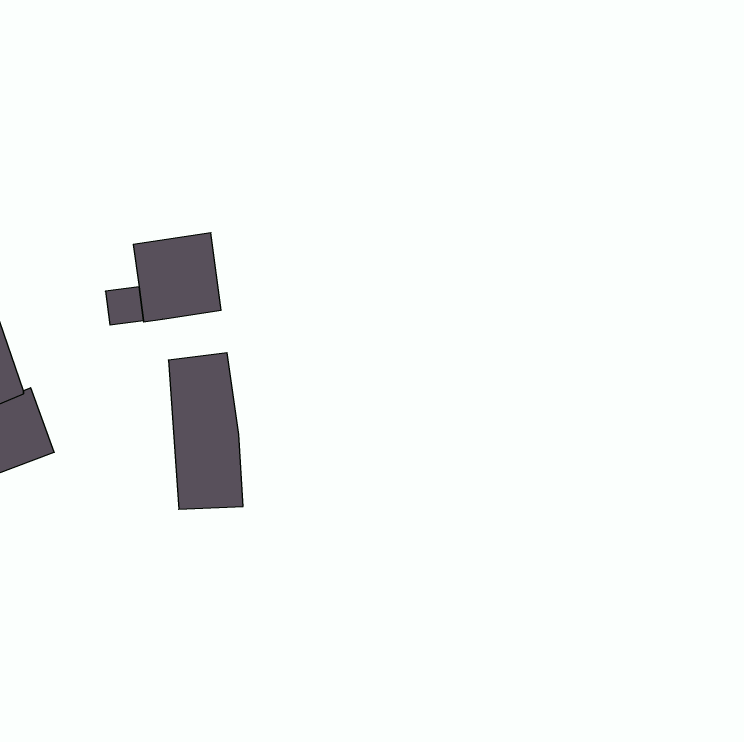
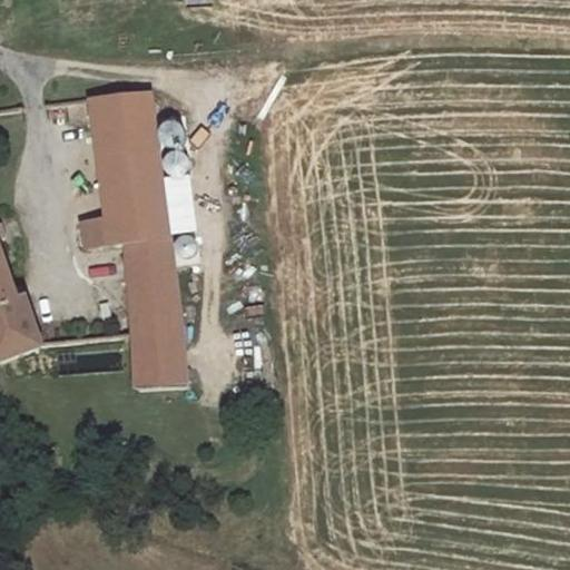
building: none -> [89,90,160,186]
building: none -> [124,236,173,274]

